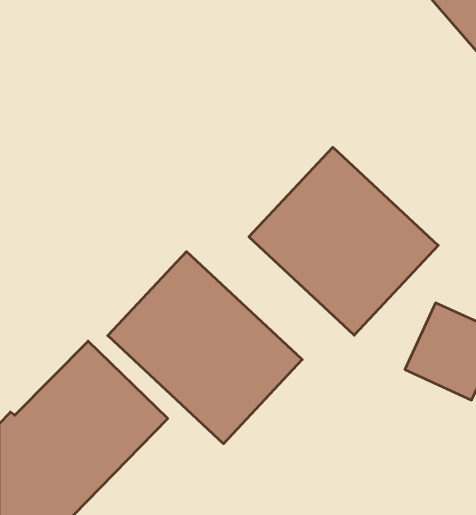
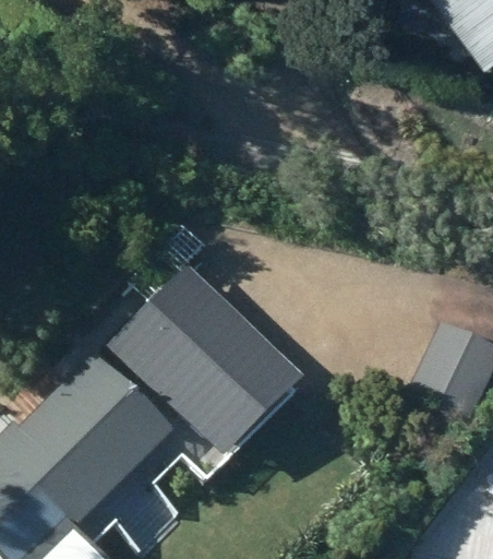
building: [249,147,438,335] -> none

